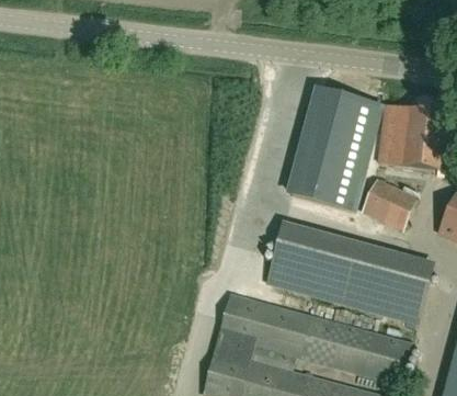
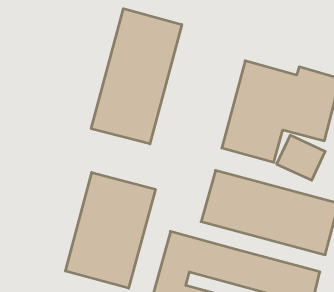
building: none -> [91,9,182,144]
building: none -> [65,172,155,288]

